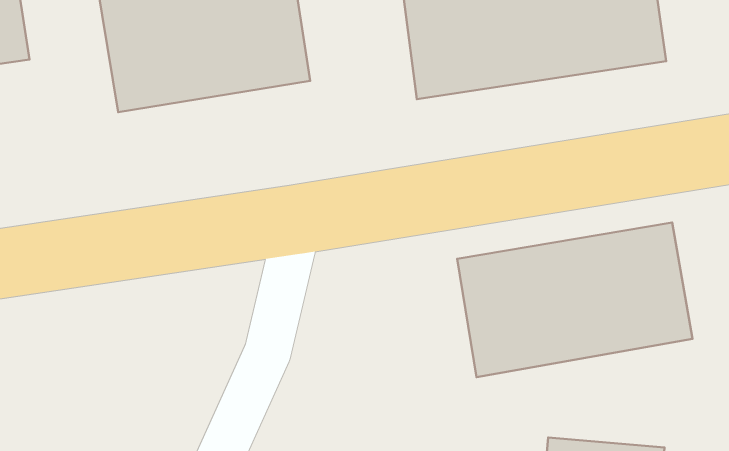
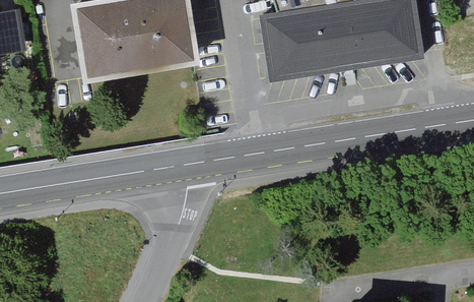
building: [457,222,693,377] -> none

